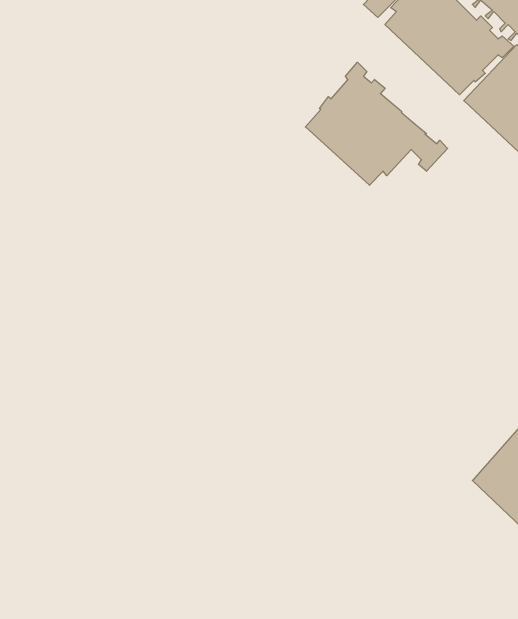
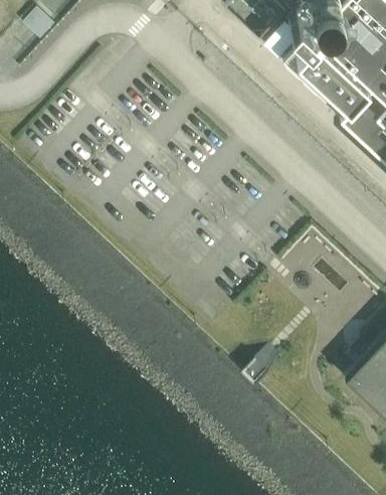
building: [305,62,448,185] -> none

